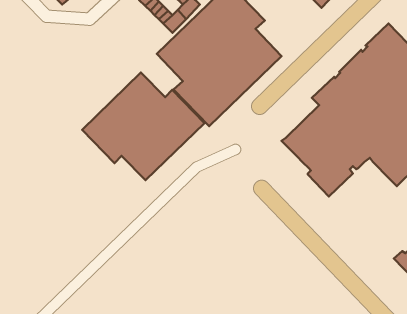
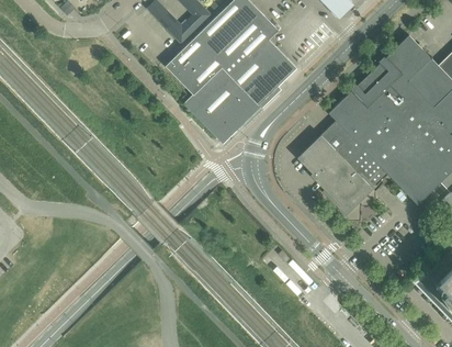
building: [82,73,204,180] -> none

